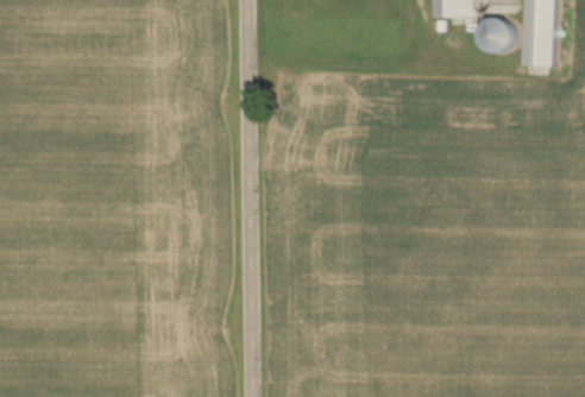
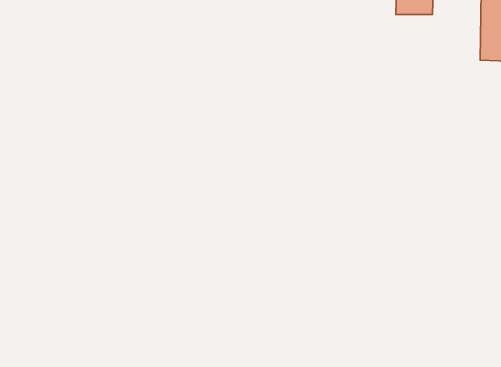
building: [486,19,507,51] -> none

